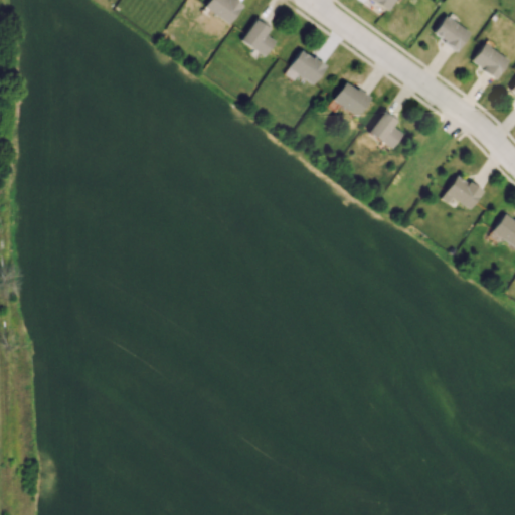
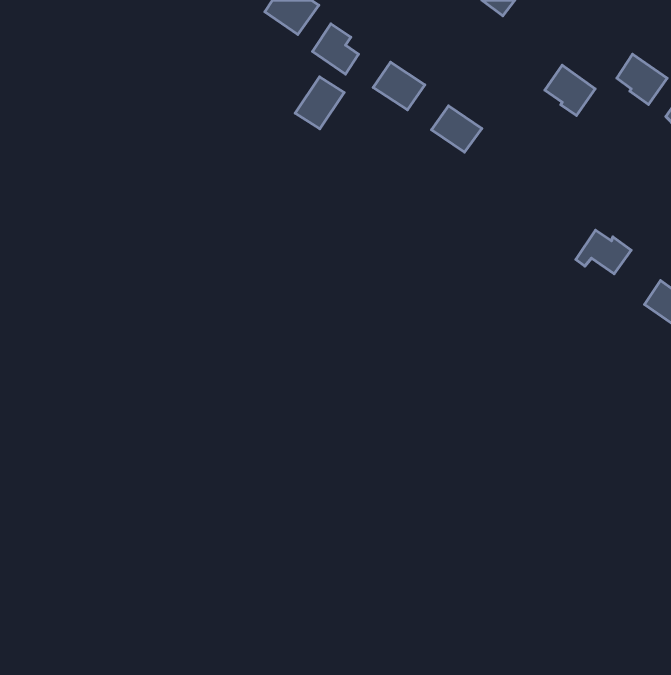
building: [434,15,472,53] -> [545,65,595,115]
building: none -> [295,77,344,129]
building: [369,111,404,150] -> none

